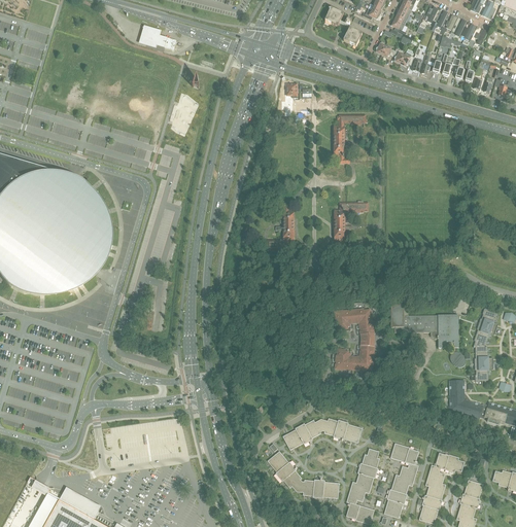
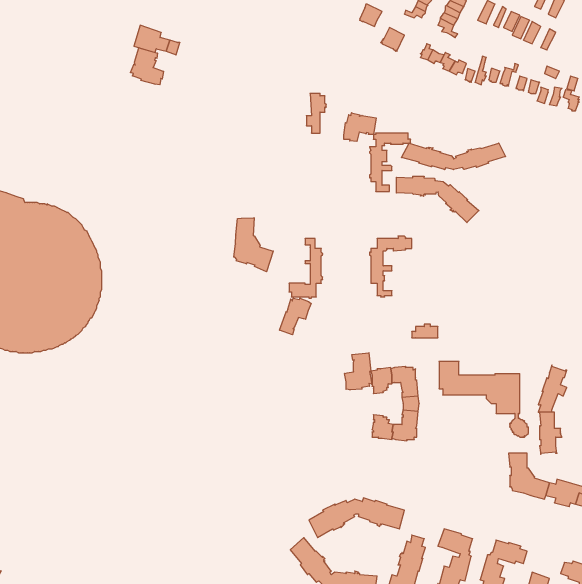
building: none -> [130,48,164,85]
building: none -> [344,113,376,141]
building: none -> [401,143,506,170]
building: none -> [396,176,479,223]
building: none -> [234,218,273,272]
building: none -> [280,298,311,335]
building: none -> [345,353,372,390]

